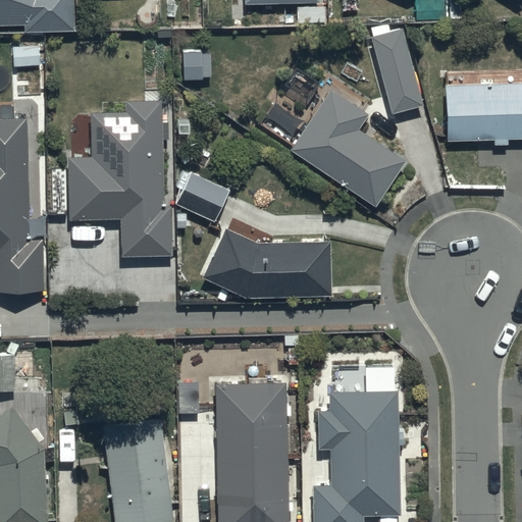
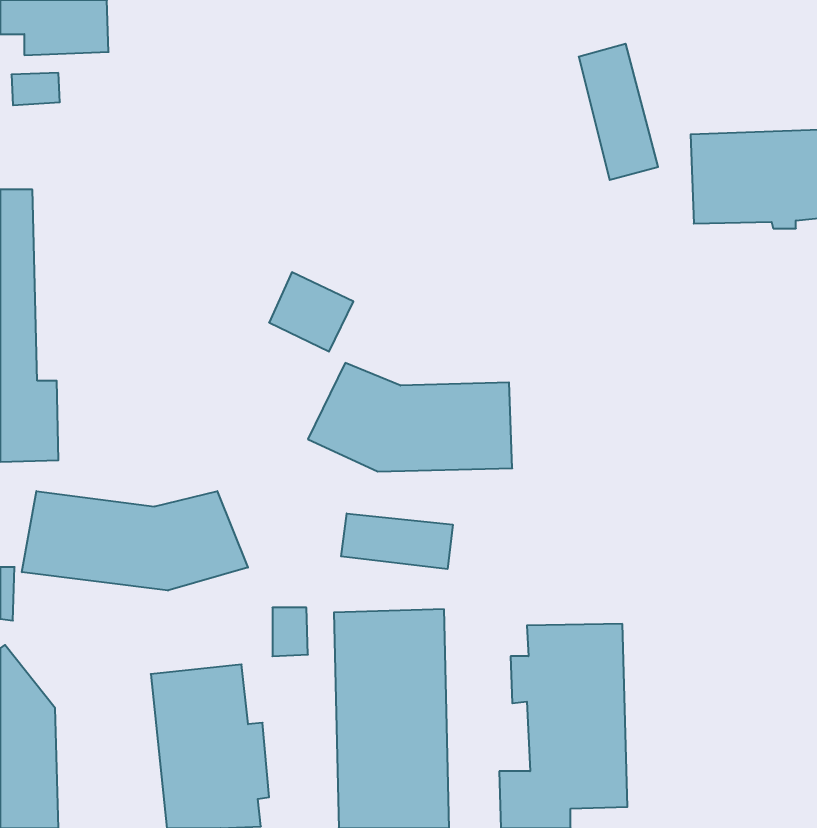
building: [265,68,403,206] -> none
building: [68,102,171,256] -> none
building: none -> [22,491,248,591]
building: none -> [341,513,453,569]

